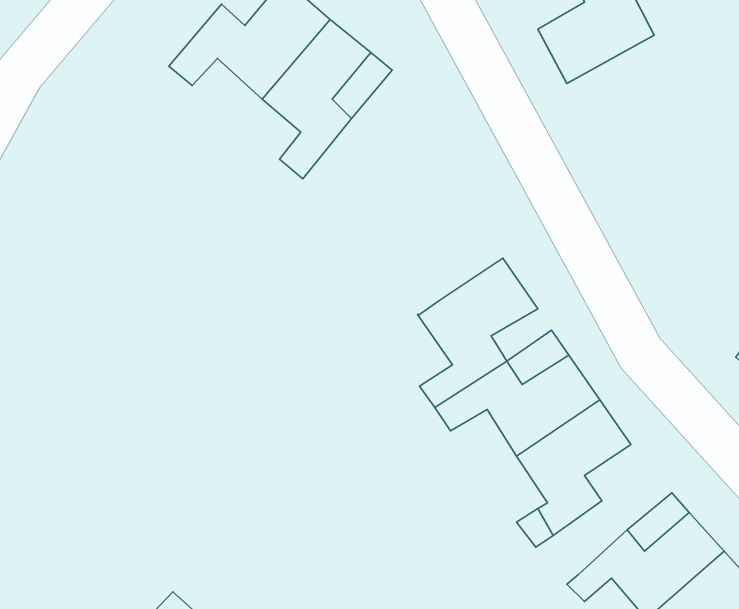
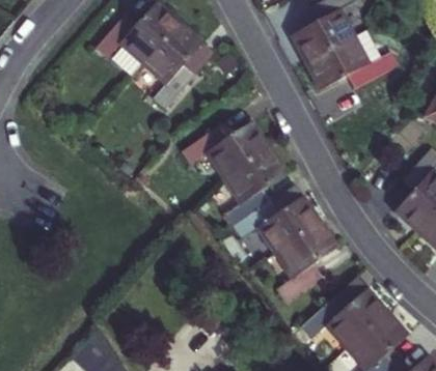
building: none -> [305,35,391,86]
building: none -> [181,130,271,184]

